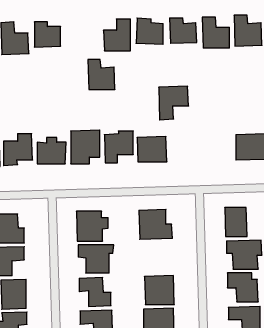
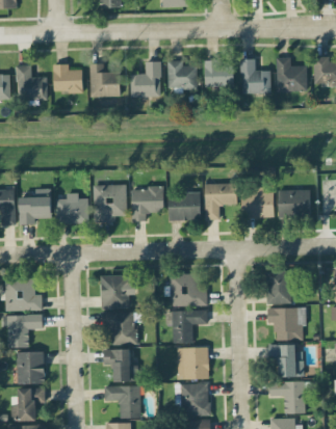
building: [88,60,115,89] -> [89,63,120,97]
building: [159,86,189,120] -> [204,183,237,220]
building: none -> [241,191,274,218]
building: none -> [164,310,207,343]

